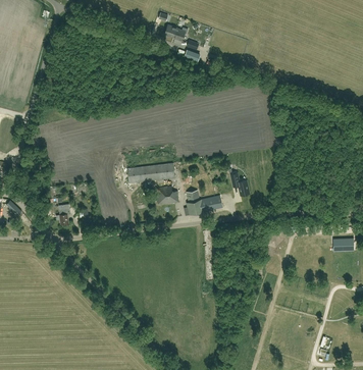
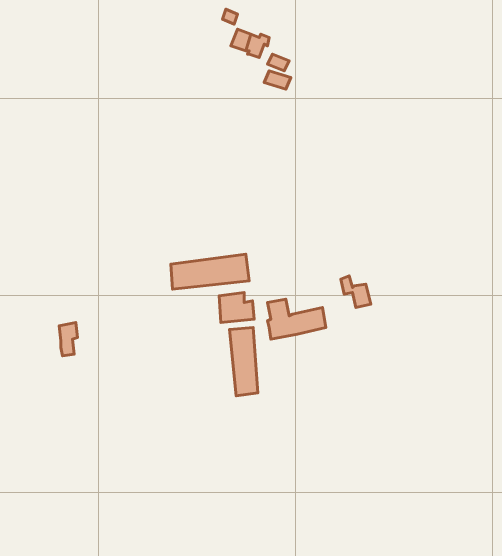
building: none -> [230,328,258,396]

